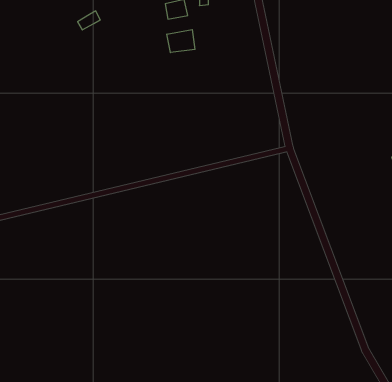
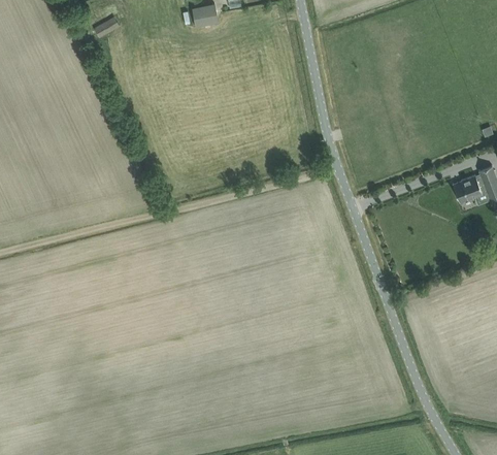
building: [167,30,195,53] -> none

